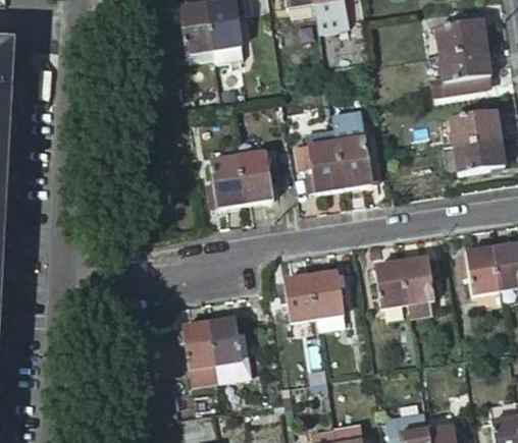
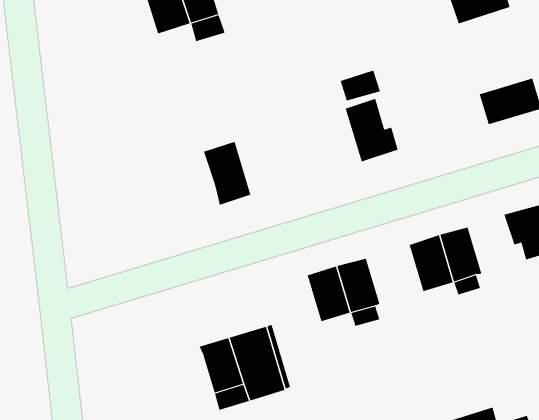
building: [449,110,501,145] -> none
building: [295,141,344,193] -> none
building: [239,151,273,203] -> none

